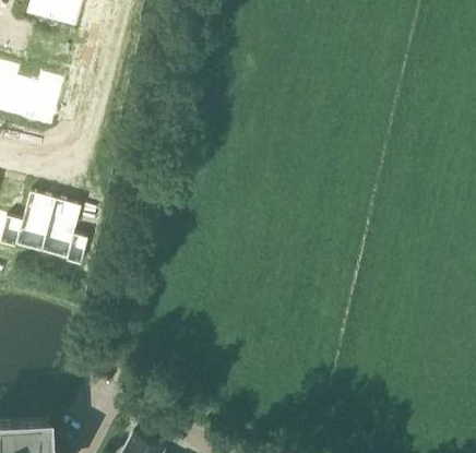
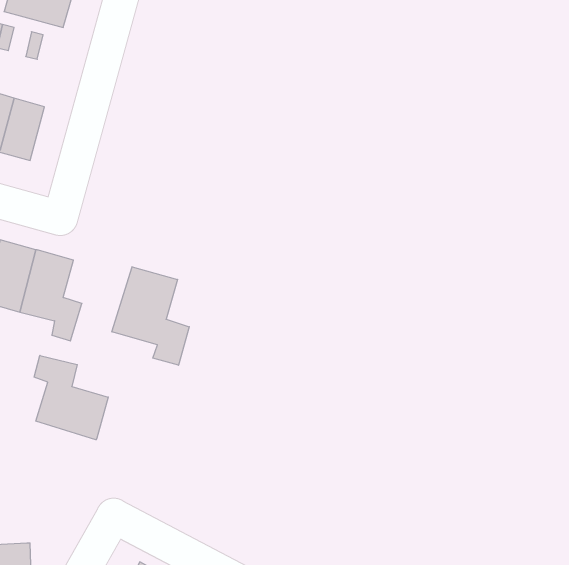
building: none -> [112,267,189,365]
building: none -> [34,355,108,440]

